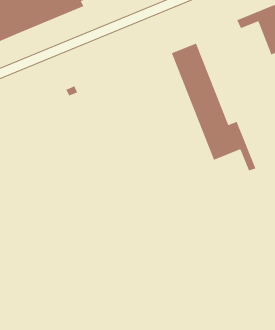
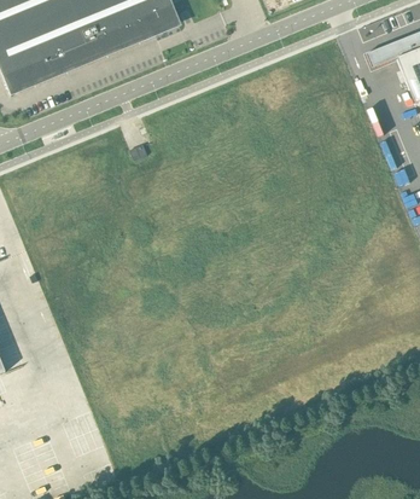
building: [171,43,256,171] -> none

